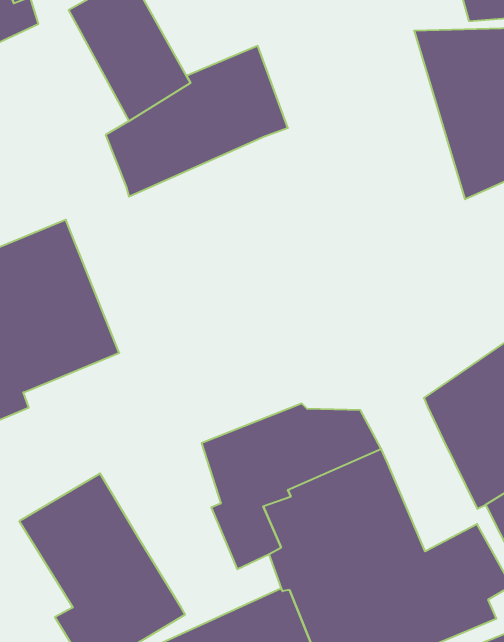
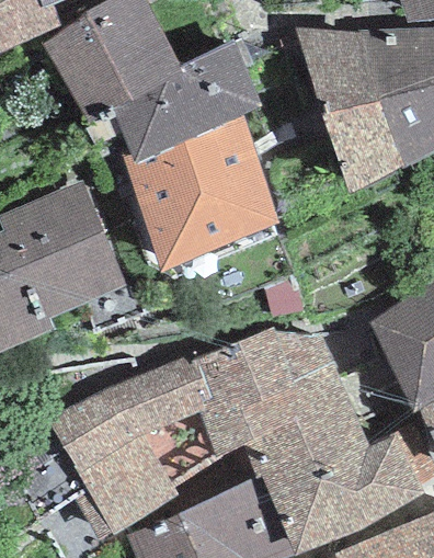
building: none -> [43,13,134,127]
building: none -> [296,27,402,193]
building: none -> [124,114,278,273]
building: none -> [111,354,220,491]

